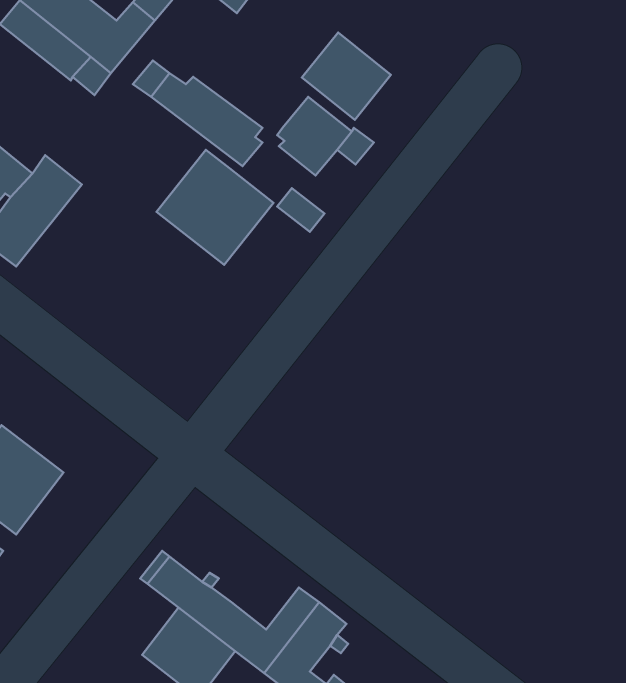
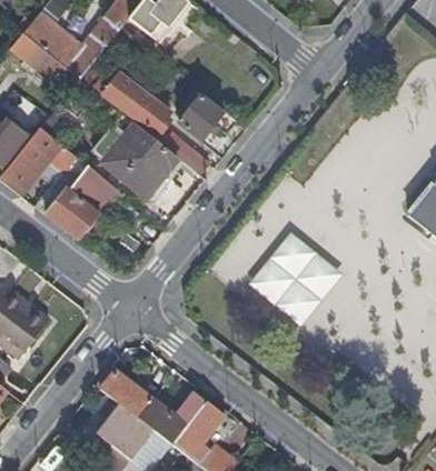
building: [302,32,391,120] -> none
building: none -> [33,149,118,238]
building: none -> [248,231,343,327]

